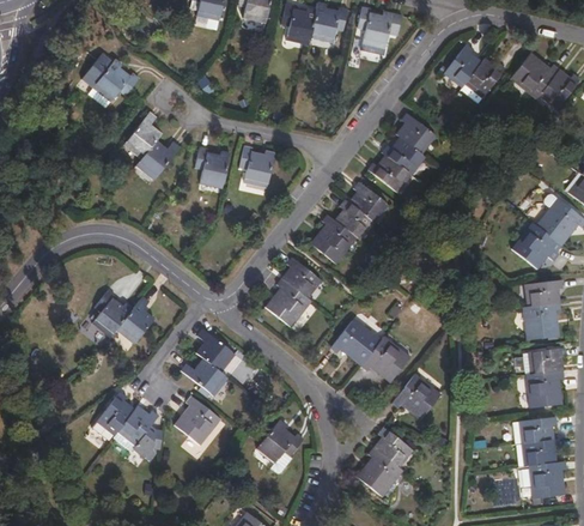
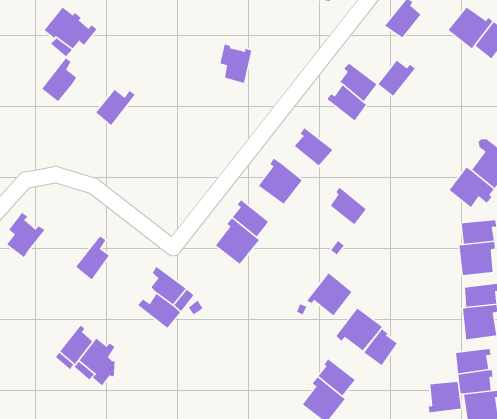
building: [464,58,505,97] -> [377,59,416,97]
building: [123,111,162,159] -> [41,57,77,102]
building: [195,145,230,188] -> none
building: [239,145,274,188] -> [220,43,252,84]
building: [367,153,412,193] -> none
building: [334,199,373,240] -> [330,187,367,225]
building: [91,288,133,337] -> [6,212,46,258]
building: [330,316,382,365] -> none
building: none -> [363,328,398,366]
building: [172,395,220,445] -> none
building: [256,419,303,473] -> none
building: none -> [428,381,462,413]

